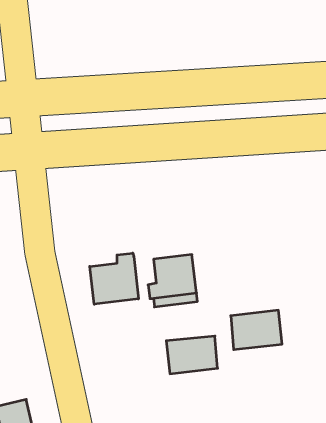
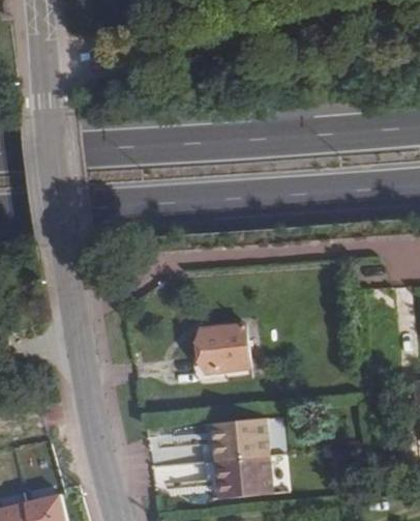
building: [90,253,138,304] -> none
building: [231,310,282,350] -> [217,452,275,496]

